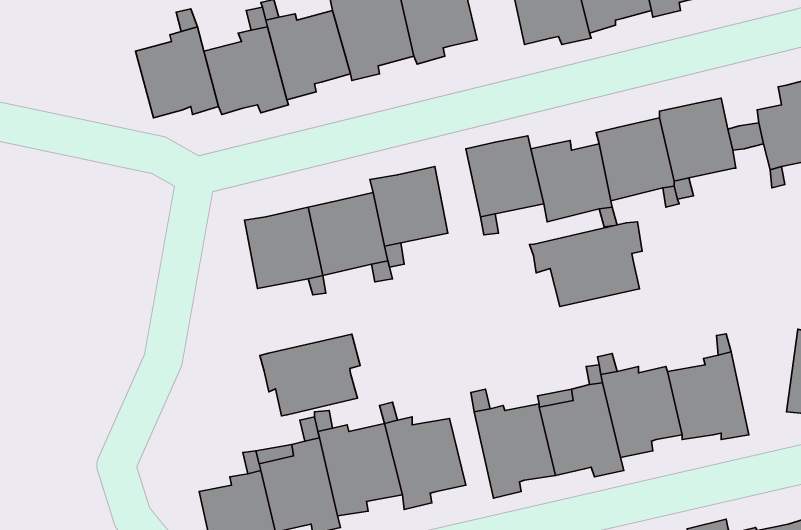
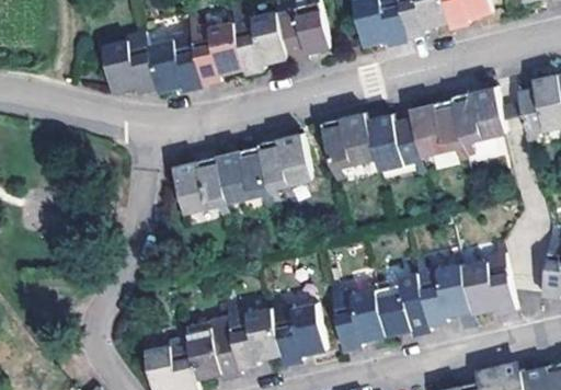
building: [530,222,642,307] -> none
building: [260,334,360,416] -> none

